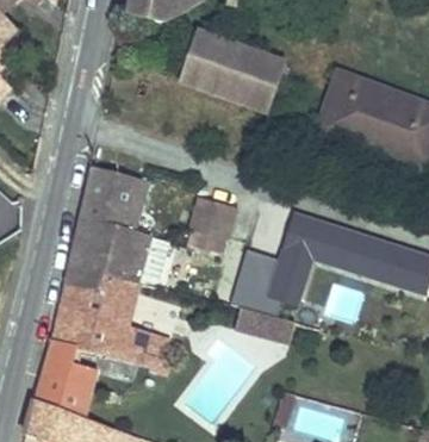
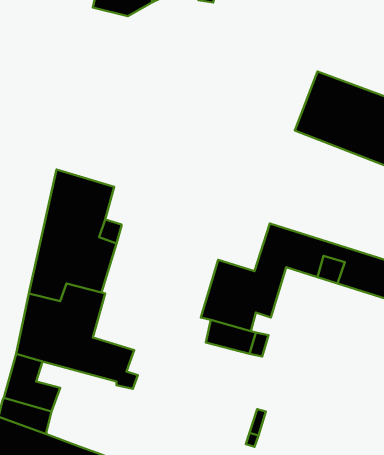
building: [180,30,285,120] -> none
building: [189,197,237,253] -> none

